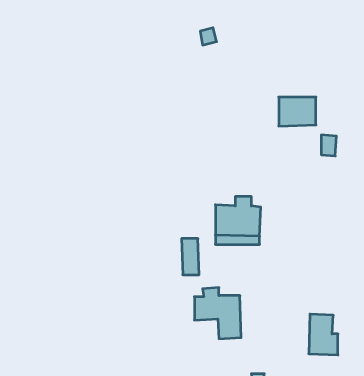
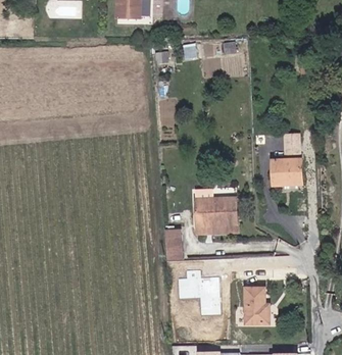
building: [279,97,316,126] -> [271,161,303,187]
building: [309,314,338,355] -> [244,287,270,322]

